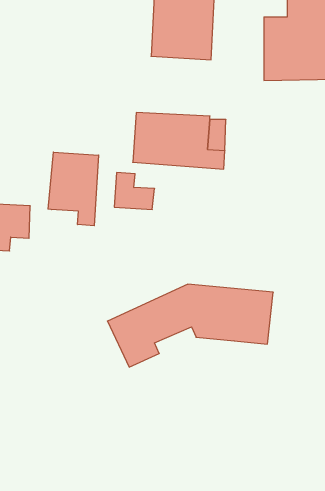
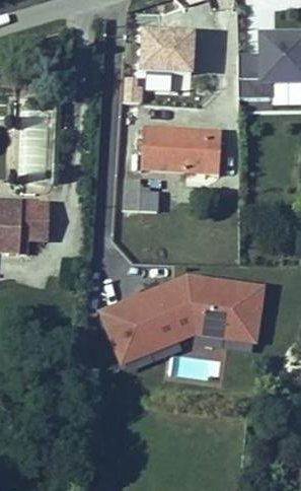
building: [48,152,99,226] -> none
building: none -> [125,317,217,359]

